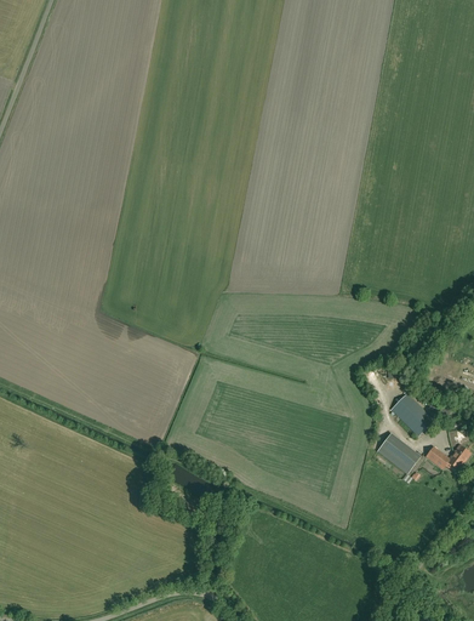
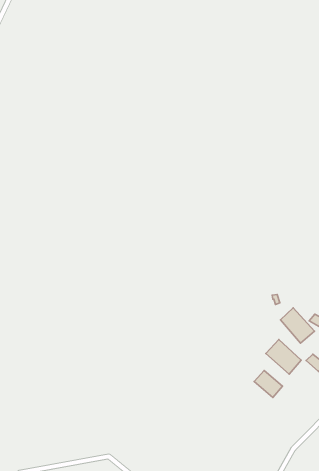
building: none -> [254,371,282,398]

